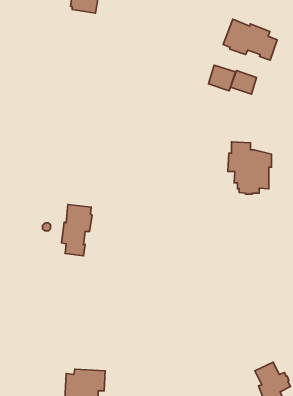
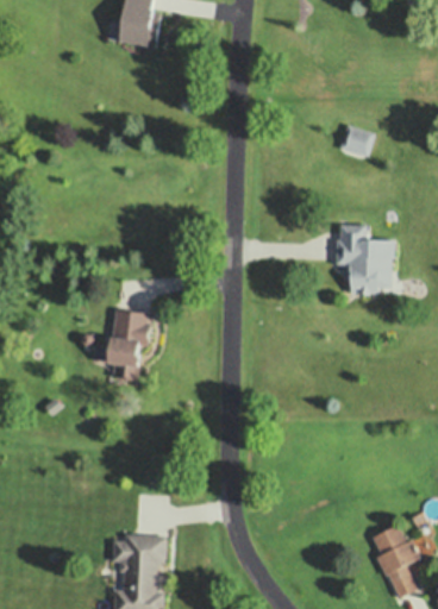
building: [223,19,277,60] -> none
building: [208,65,236,91] -> none

